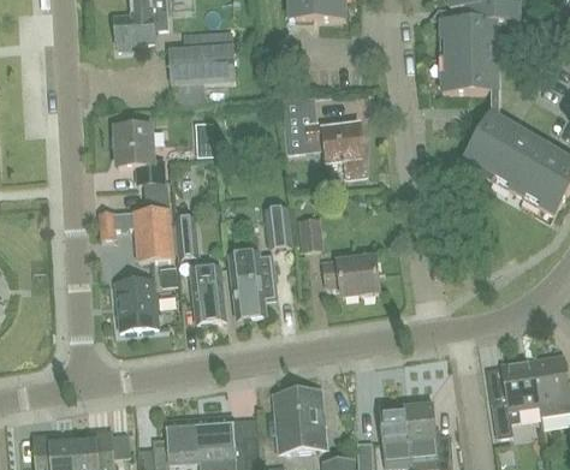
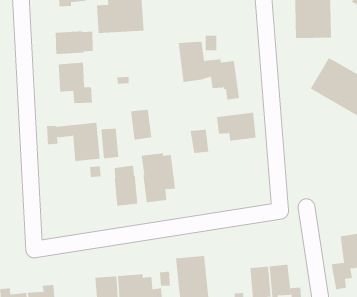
building: none -> [55,31,93,55]
building: [263,206,293,248] -> [130,109,152,140]
building: [323,255,379,295] -> [216,112,257,141]
building: [115,278,160,329] -> none

